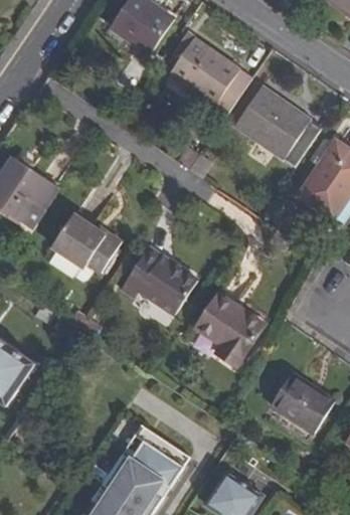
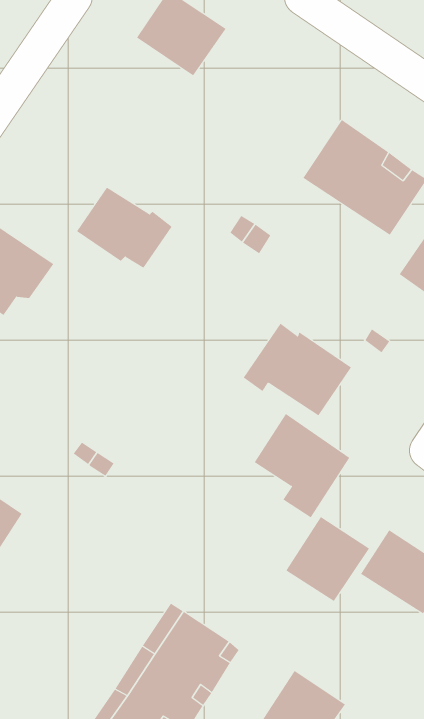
building: [168,40,251,110] -> none
building: [52,216,120,274] -> [76,187,173,269]
building: [122,249,198,315] -> [243,323,352,416]
building: none -> [285,516,370,602]

